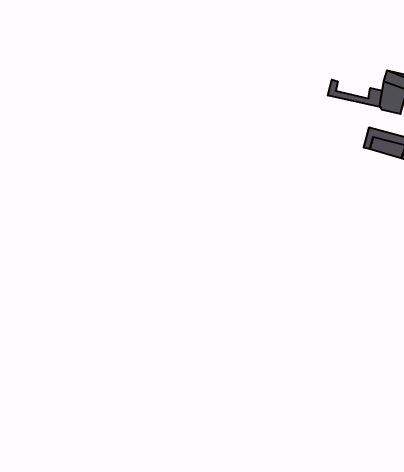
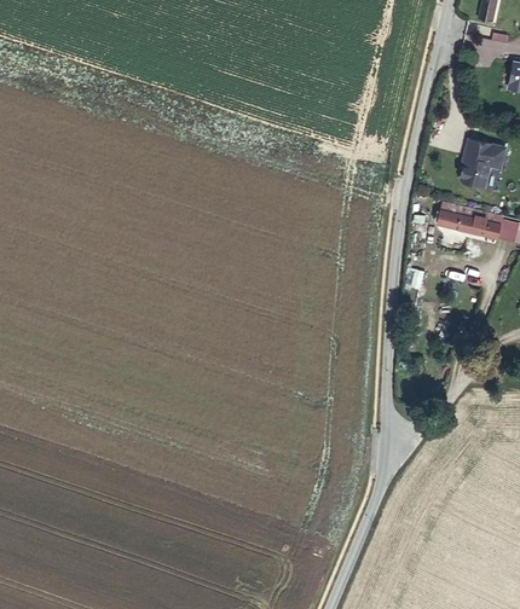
building: [328,80,382,107] -> none

